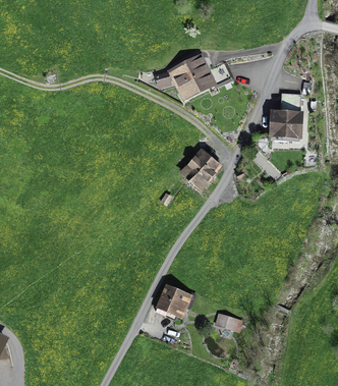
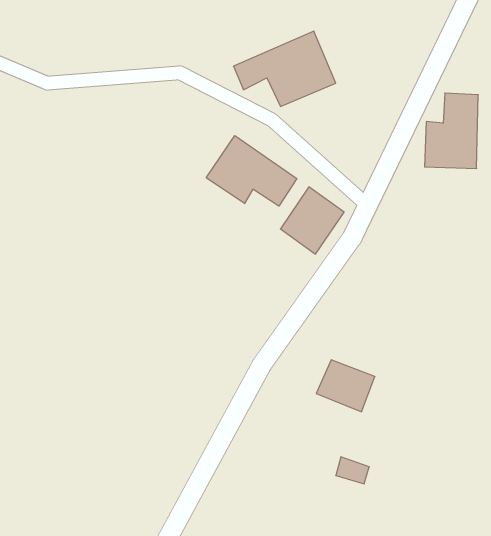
building: none -> [206,136,297,206]
building: [156,285,191,317] -> [316,360,375,412]

